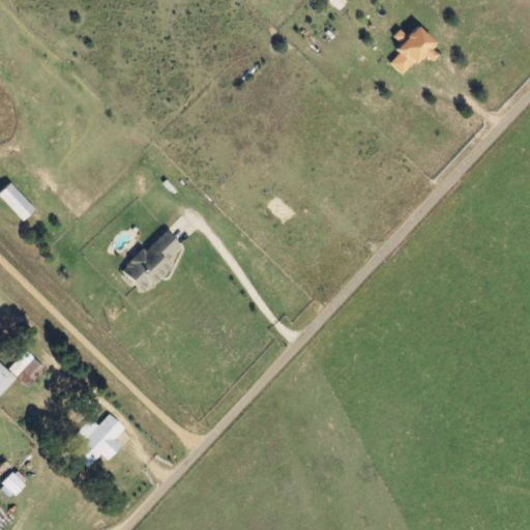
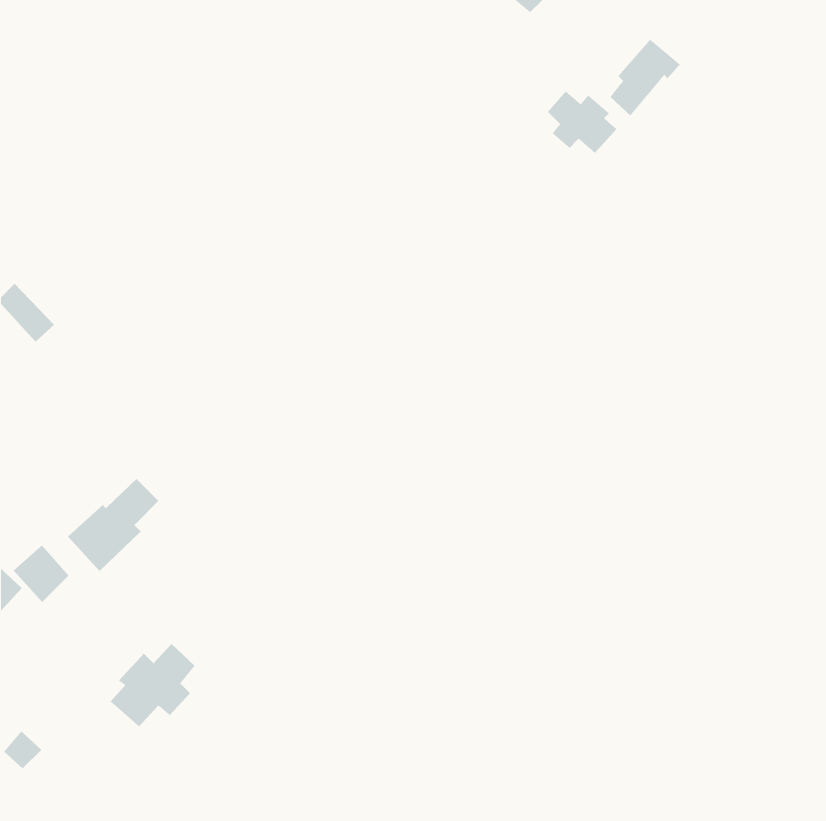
building: none -> [547,90,617,154]
building: [121,231,180,291] -> [67,478,159,572]

